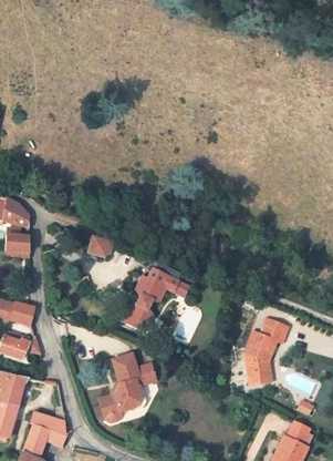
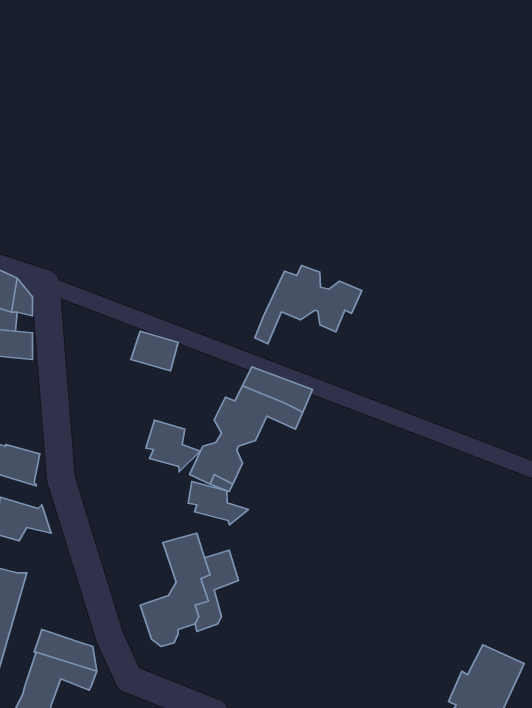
building: none -> [255,265,362,344]
building: none -> [146,420,200,472]
building: [250,322,295,388] -> none
building: none -> [188,481,249,525]

